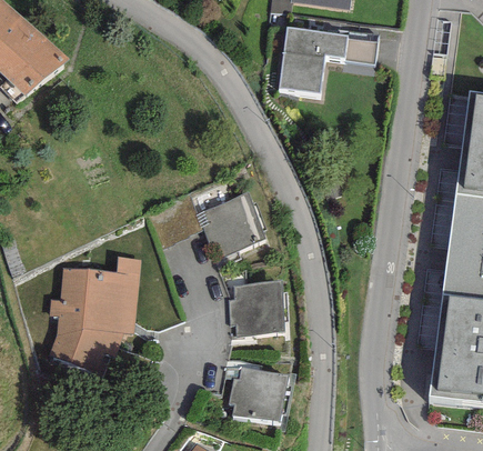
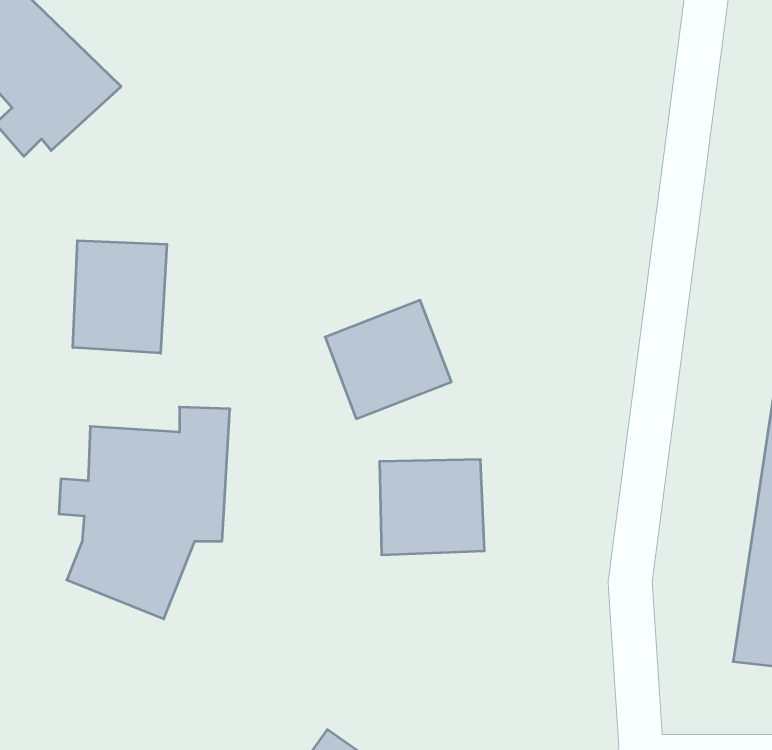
building: [279,28,372,94] -> none
building: none -> [73,241,167,353]
building: [225,364,293,423] -> none

